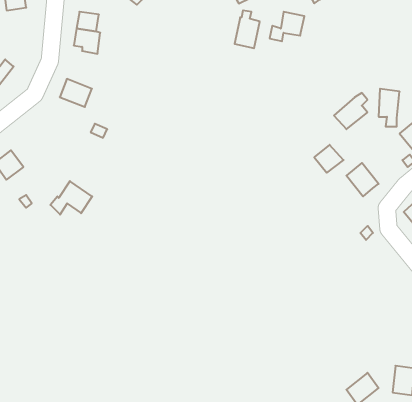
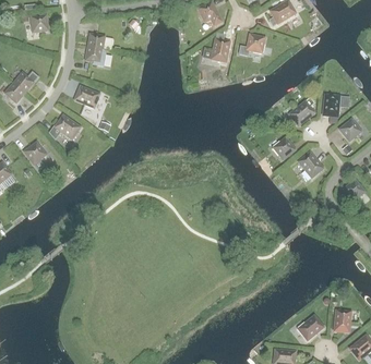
building: [50,181,92,215] -> [47,114,80,141]

